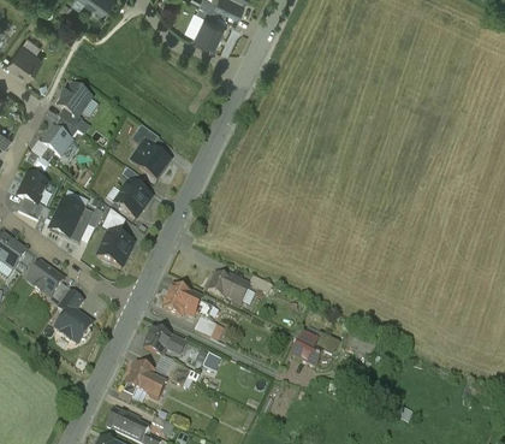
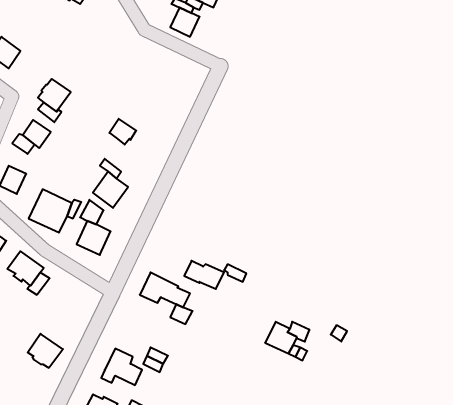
building: [131,147,171,178] -> none
building: [57,308,93,343] -> [28,334,63,368]
building: [145,327,180,355] -> none

